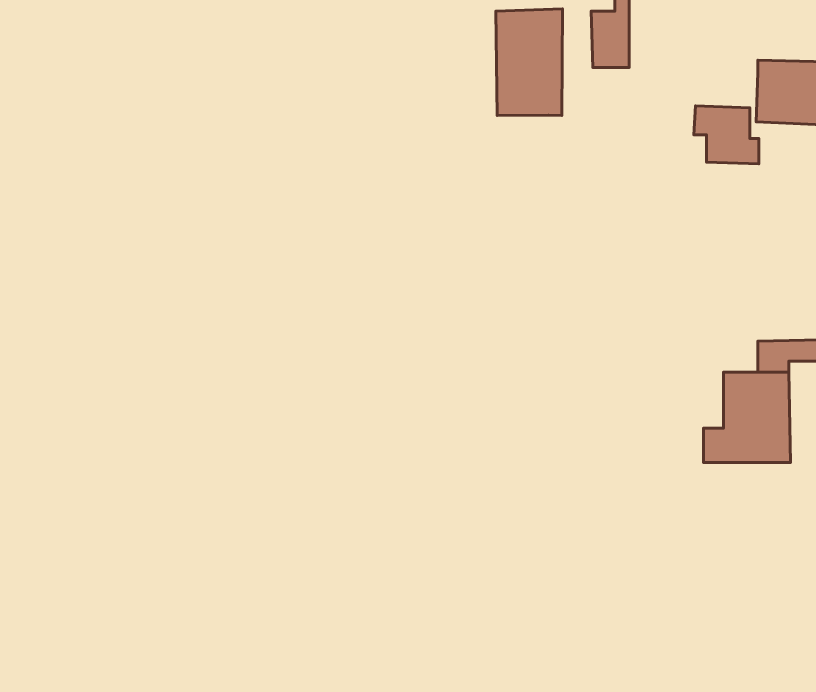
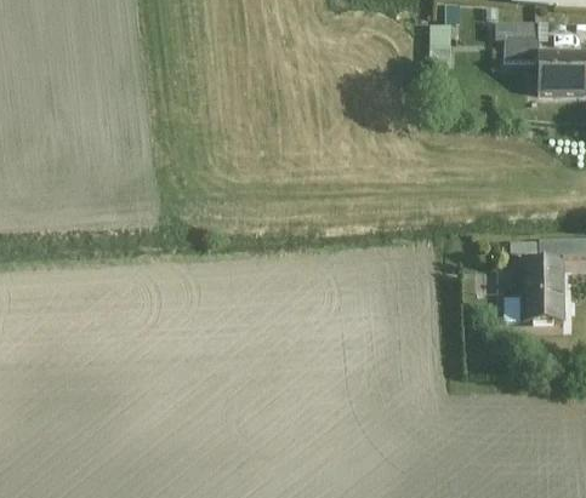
building: [496,9,563,116] -> none
building: [694,106,759,164] -> [496,22,540,61]

